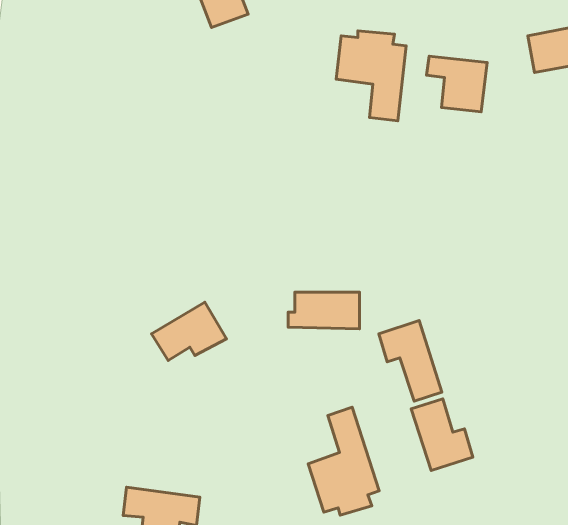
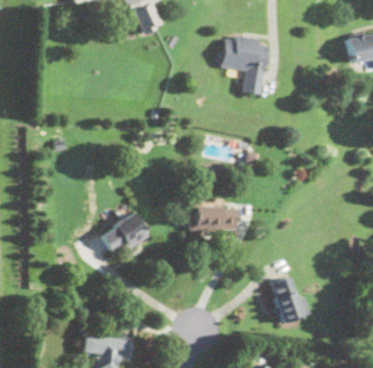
building: [427,56,487,112] -> none
building: [379,321,442,401] -> none
building: [308,407,379,515] -> none

